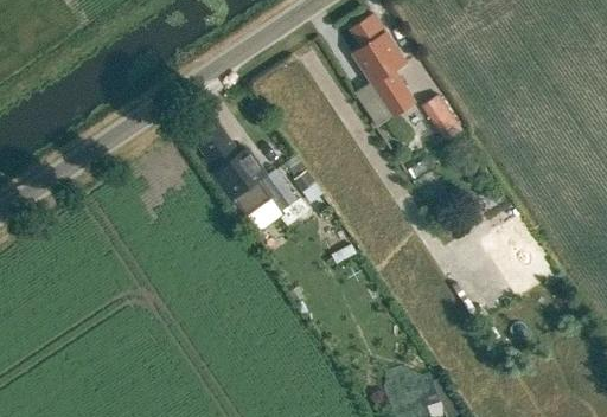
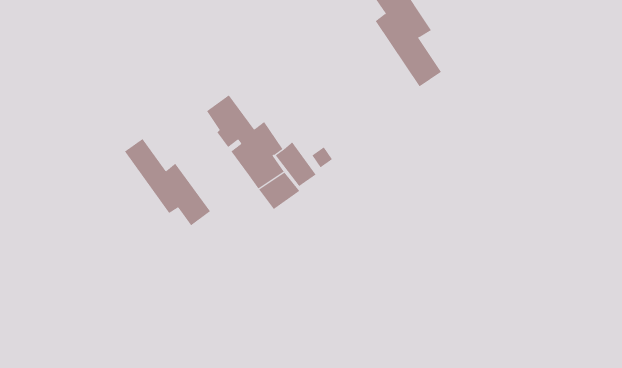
building: [427,94,466,140] -> none
building: none -> [124,138,211,226]

